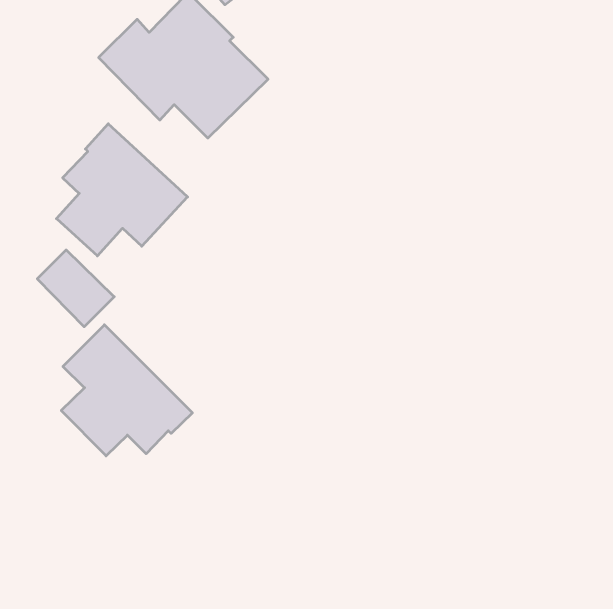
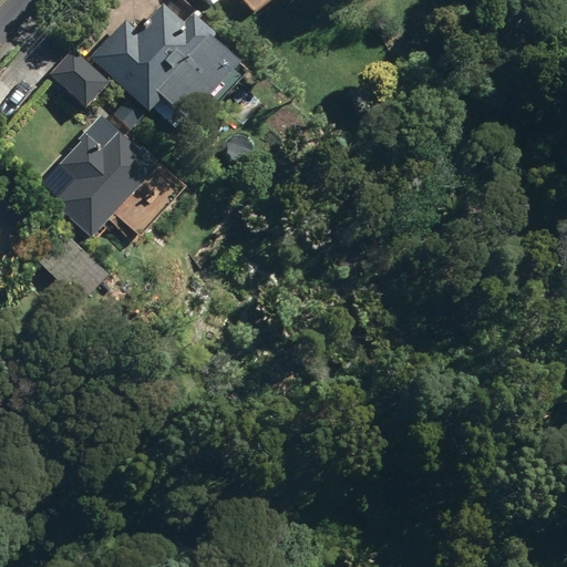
building: none -> [51,48,110,106]
building: [61,325,192,456] -> none

